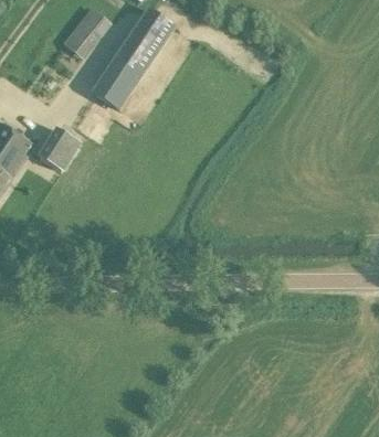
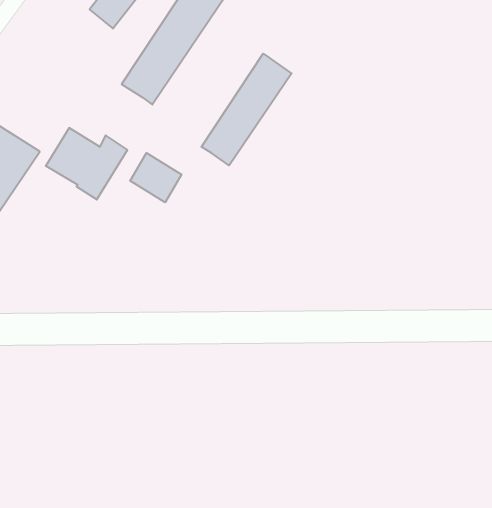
building: none -> [201,54,292,165]
building: none -> [130,153,181,202]

